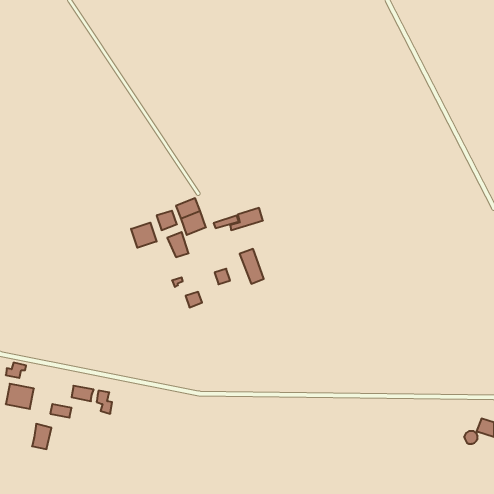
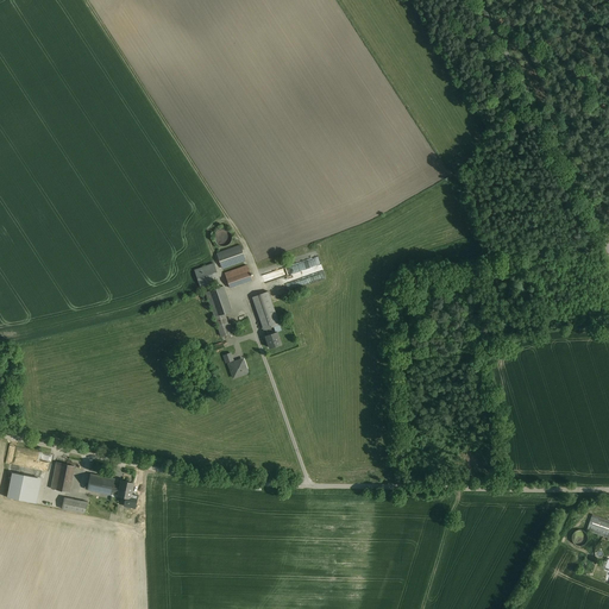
building: [131,223,157,248] -> none
building: [240,249,264,284] -> [250,288,280,331]
building: [32,424,51,449] -> [51,462,75,492]

